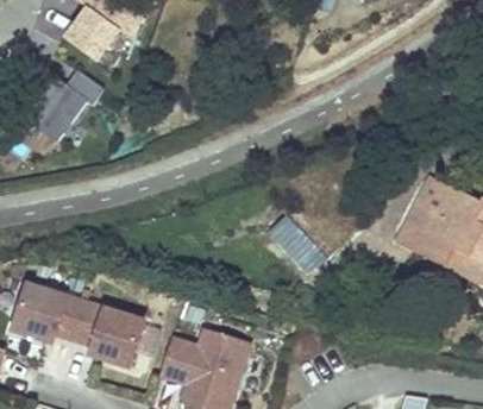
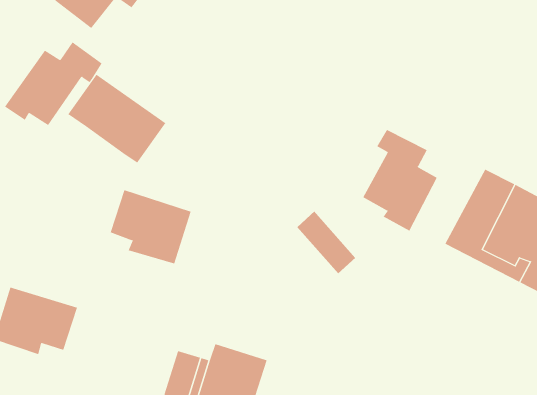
building: none -> [68,74,166,164]
building: none -> [363,129,437,231]
building: [71,300,142,364] -> [110,189,192,264]

